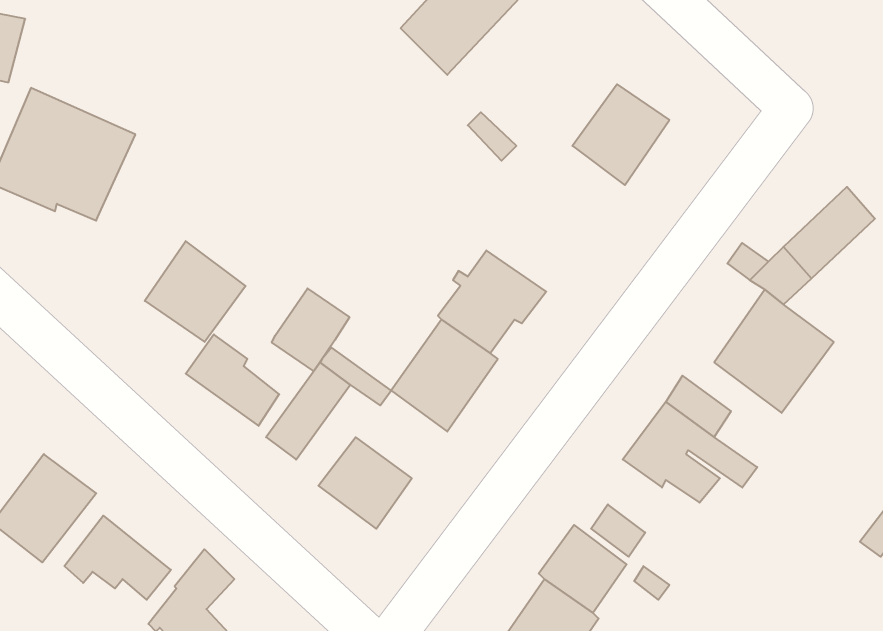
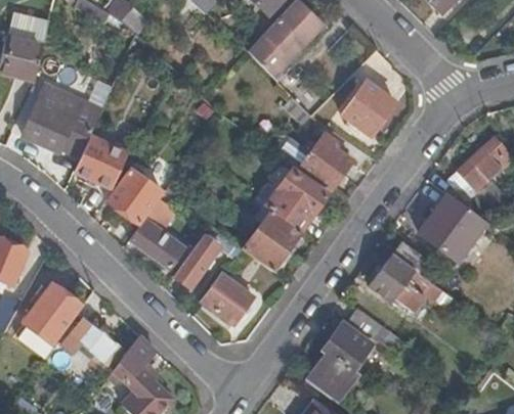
building: none -> [301,133,352,189]
building: none -> [75,136,127,188]
building: [272,288,349,371] -> none

